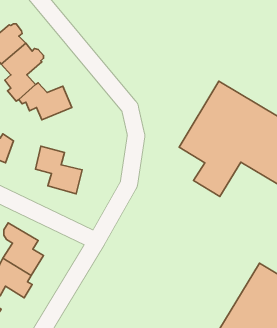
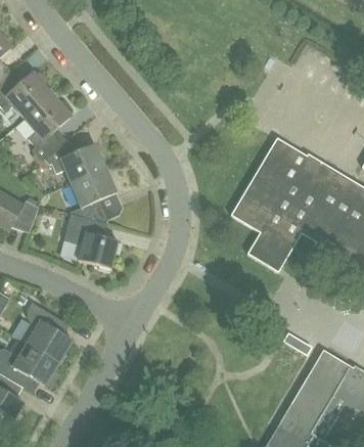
building: none -> [70,169,116,223]

